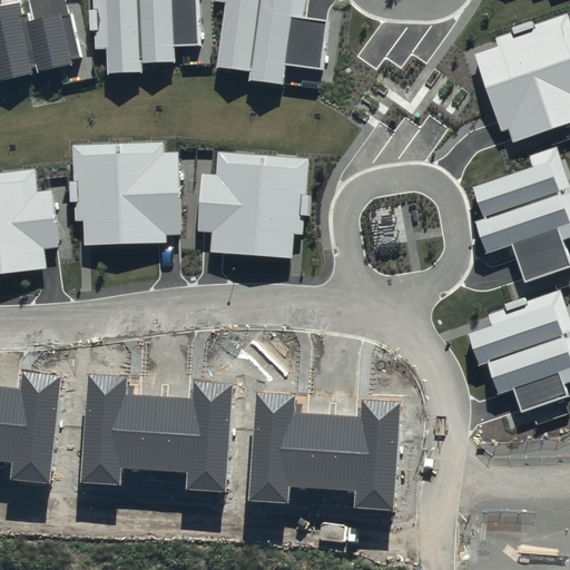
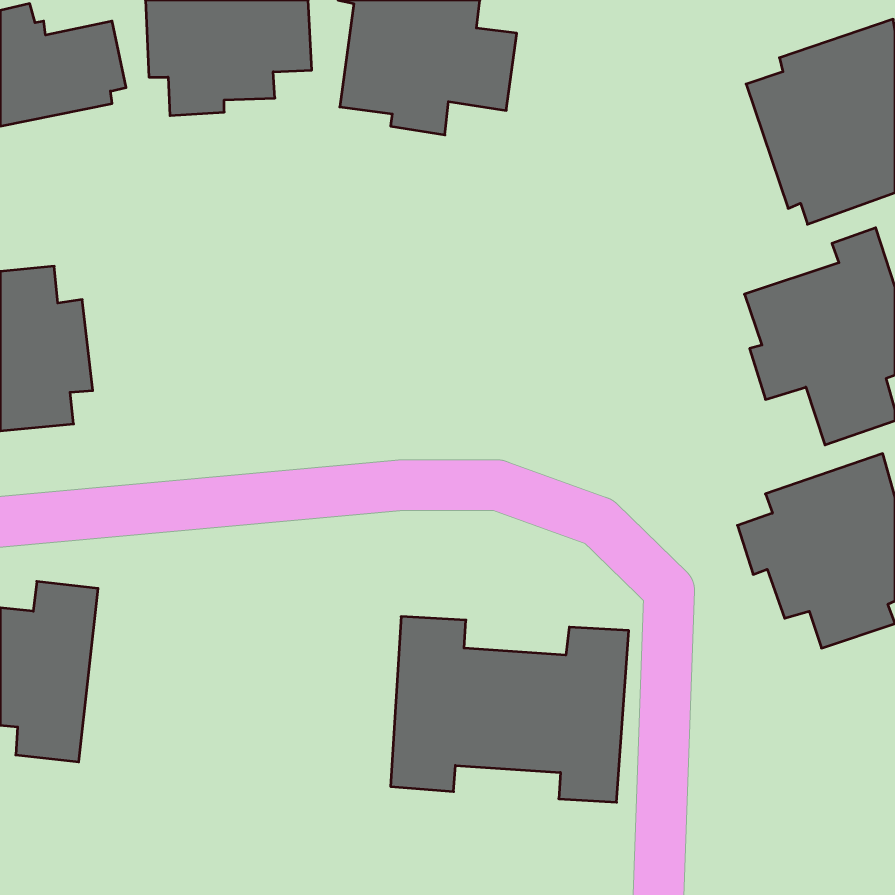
building: [72,142,180,245] -> none
building: [197,151,309,258] -> none
building: [80,374,230,490] -> none

